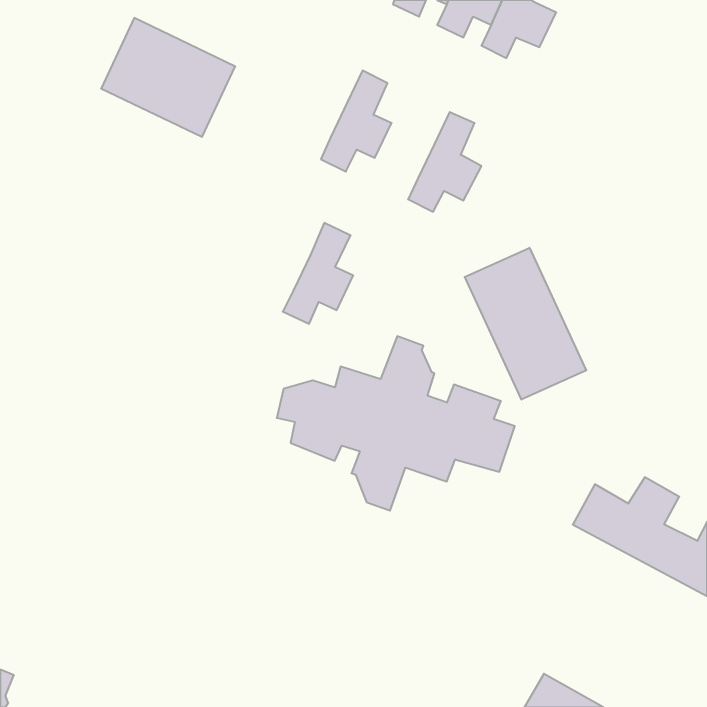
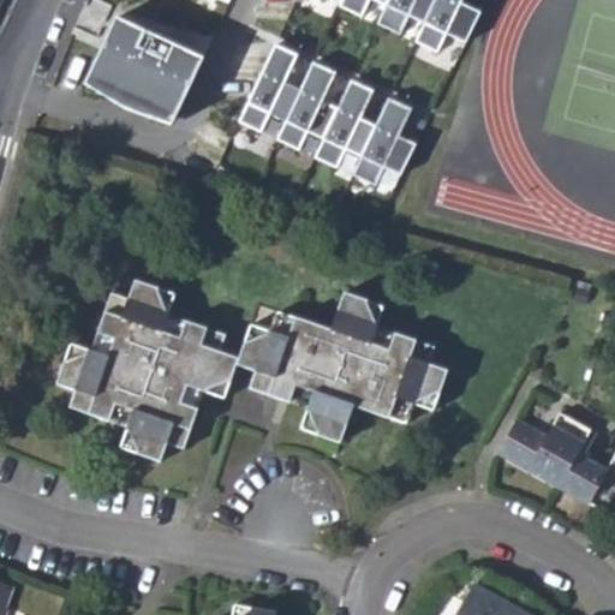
building: none -> [240,43,301,131]
building: [283,223,353,324] -> [316,79,377,167]
building: [465,248,586,400] -> none
building: none -> [56,281,239,462]

